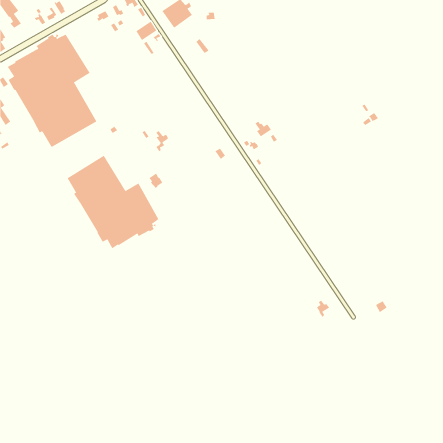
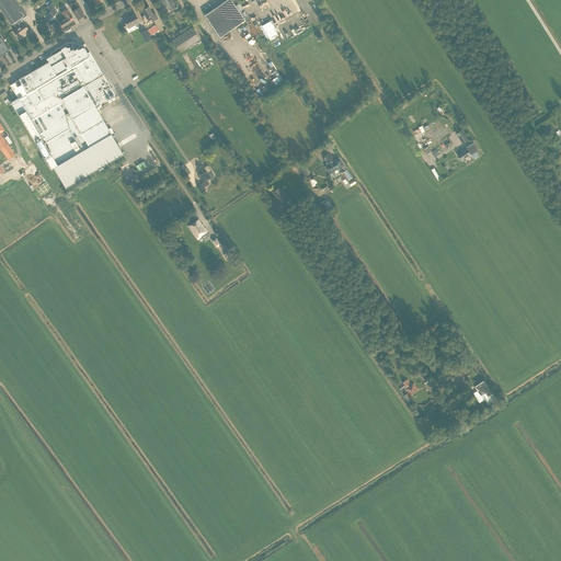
building: [67,155,159,249] -> none

